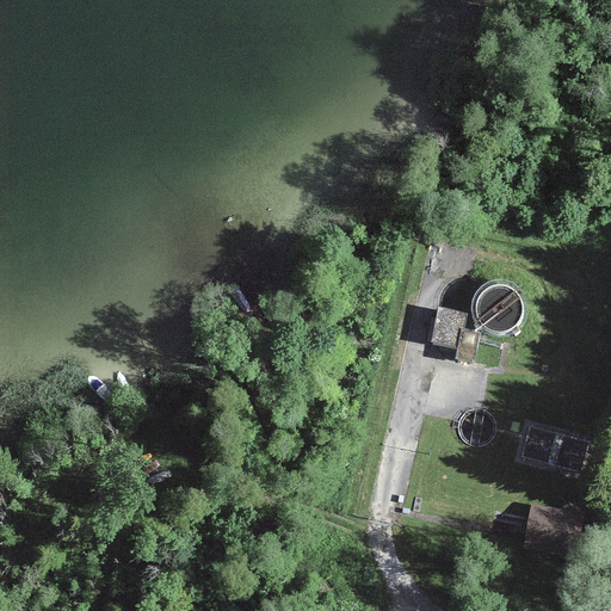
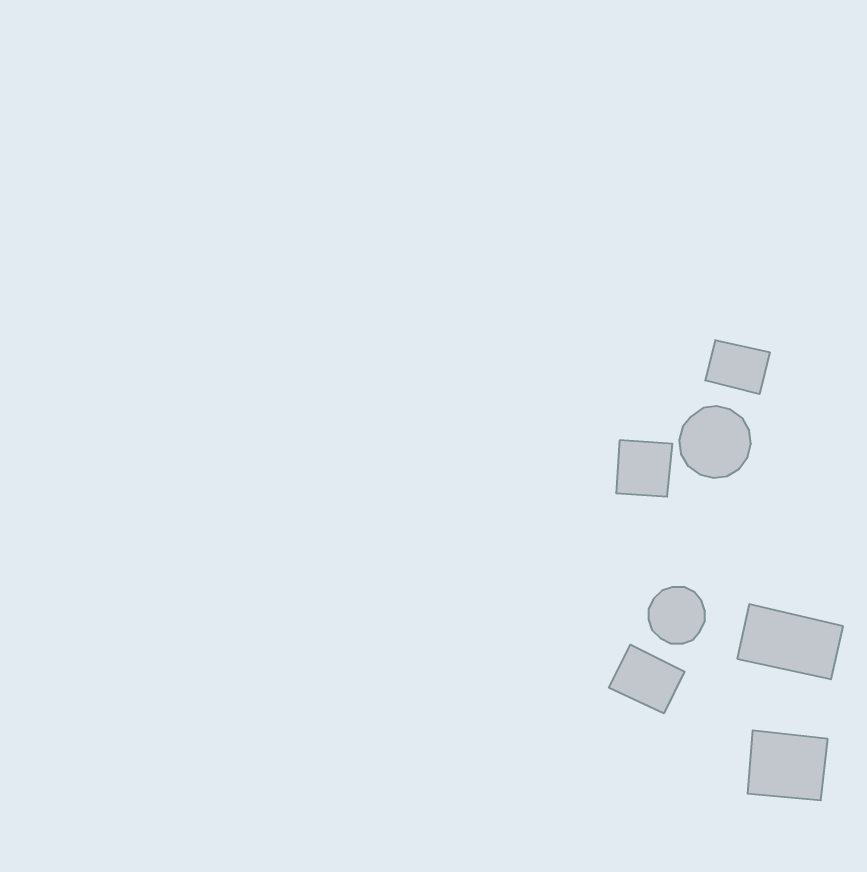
building: none -> [705,340,770,394]
building: none -> [609,645,685,713]

